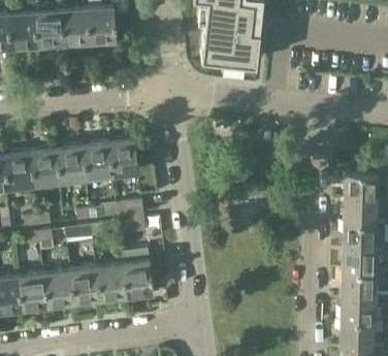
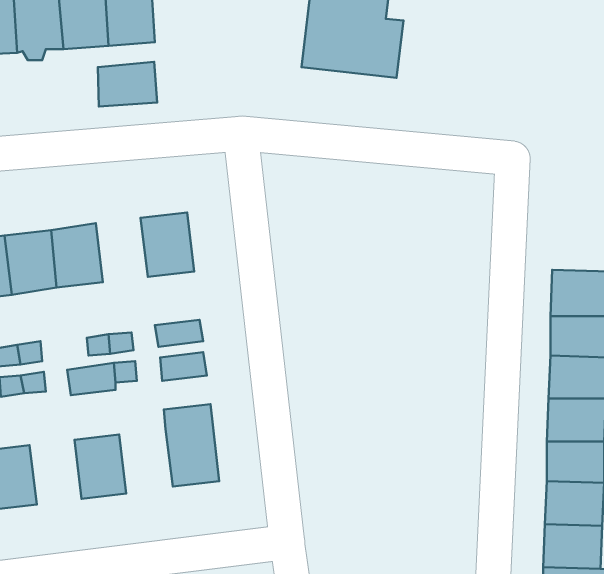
building: none -> [98,62,157,107]
building: [82,141,111,179] -> none
building: [95,263,126,300] -> none
building: [43,269,73,306] -> none

